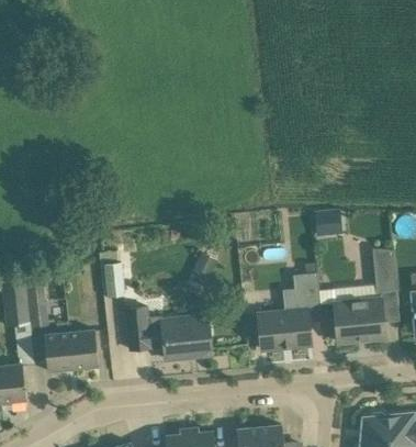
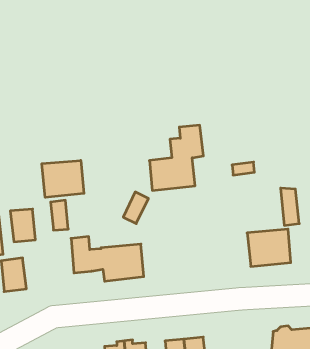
building: none -> [42,160,84,197]
building: [258,272,322,349] -> [149,125,203,190]
building: [69,329,99,368] -> [10,209,35,242]

